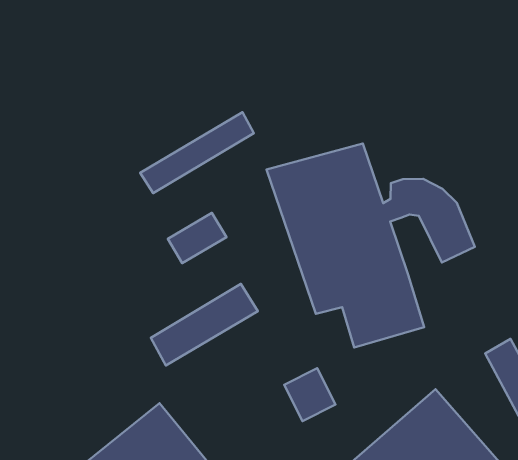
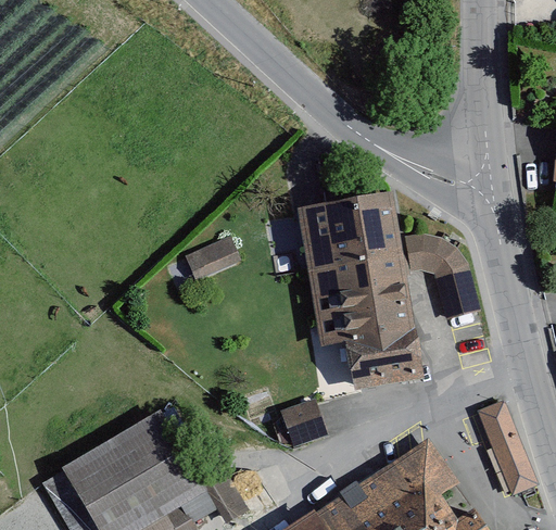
building: [140,112,254,193] -> none
building: [151,284,258,365] -> none

